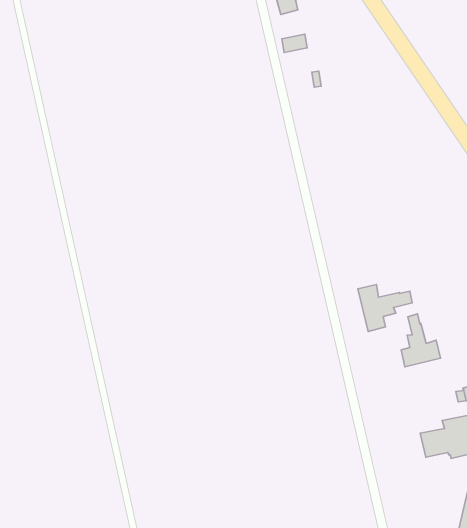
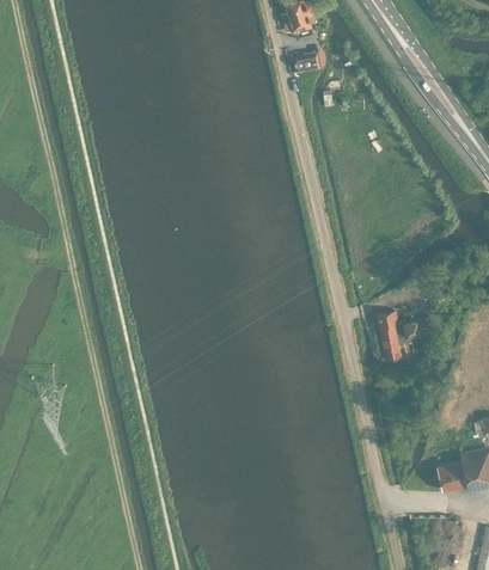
building: [401,314,441,367] -> none

